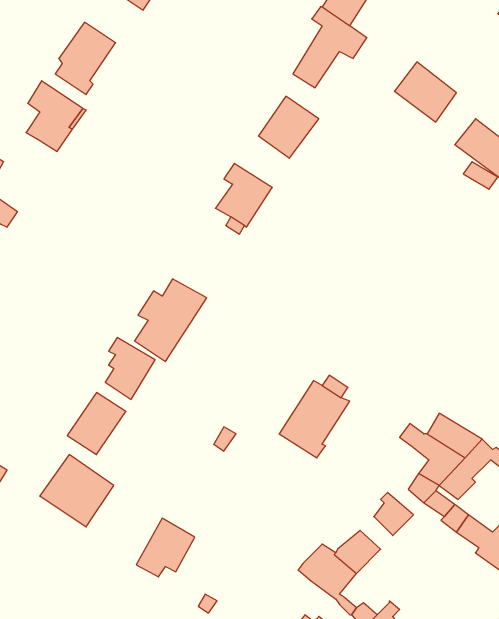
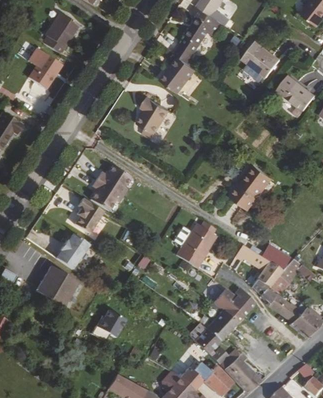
building: none -> [227,162,267,208]
building: none -> [212,291,240,323]

